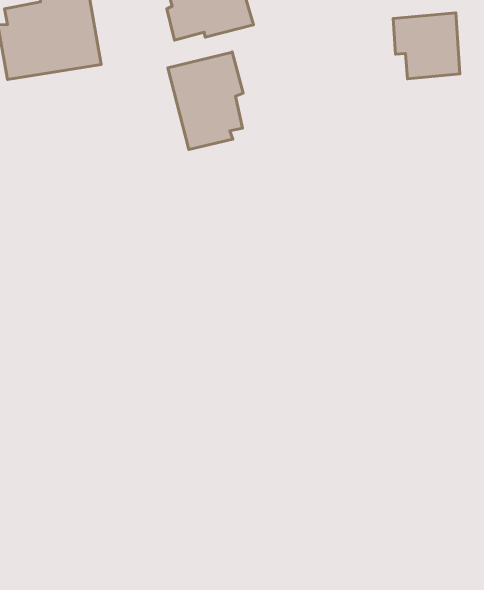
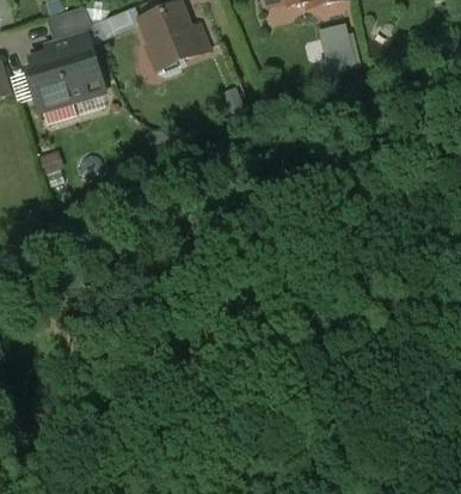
building: [168,52,243,149] -> none

